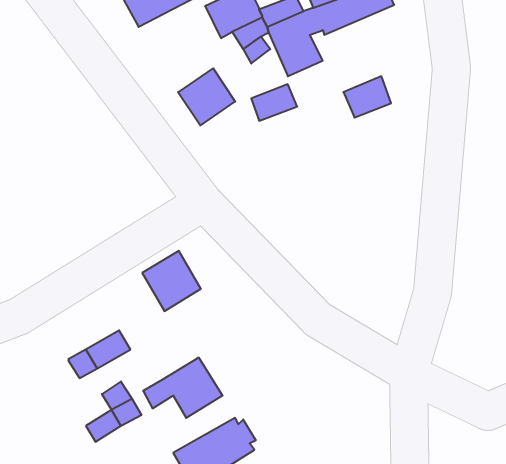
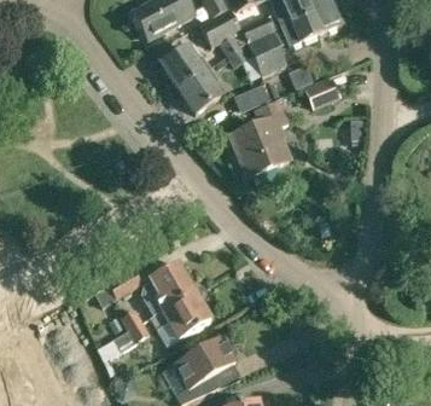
building: none -> [161,46,204,88]
building: none -> [228,99,290,176]
building: [142,251,201,311] -> [148,261,193,307]

